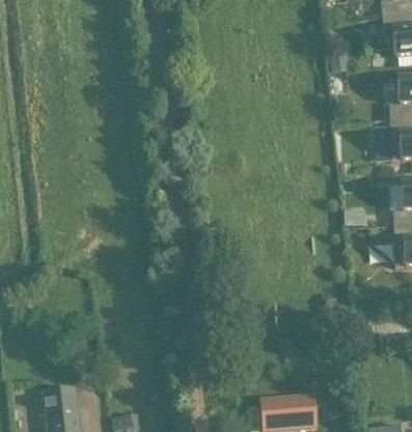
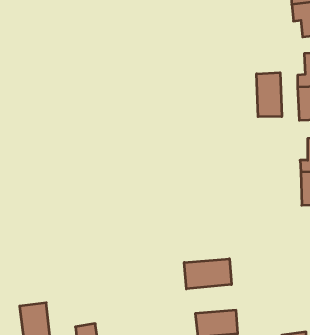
building: none -> [257,73,282,117]
building: none -> [184,259,231,289]

